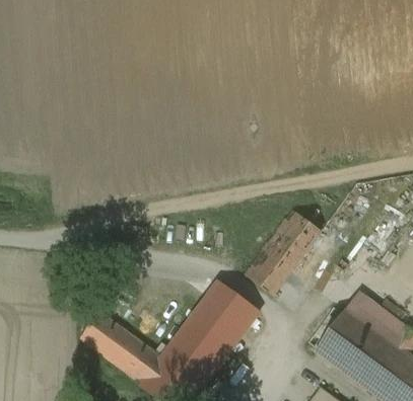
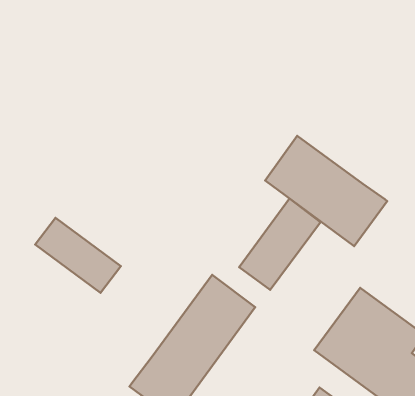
building: none -> [265,136,387,246]
building: [81,311,162,382] -> [35,218,121,293]

